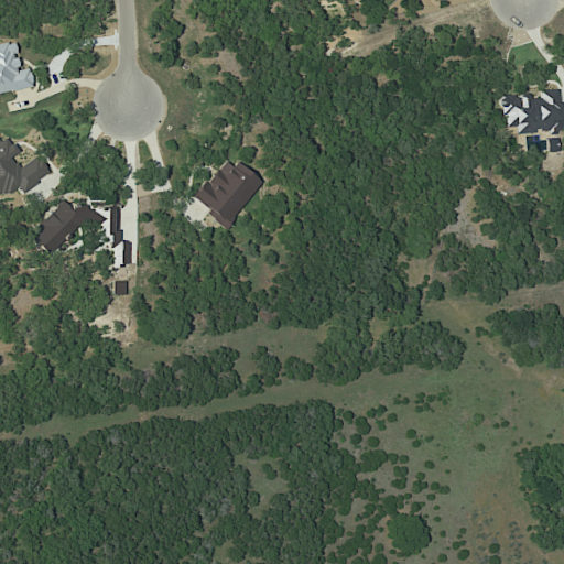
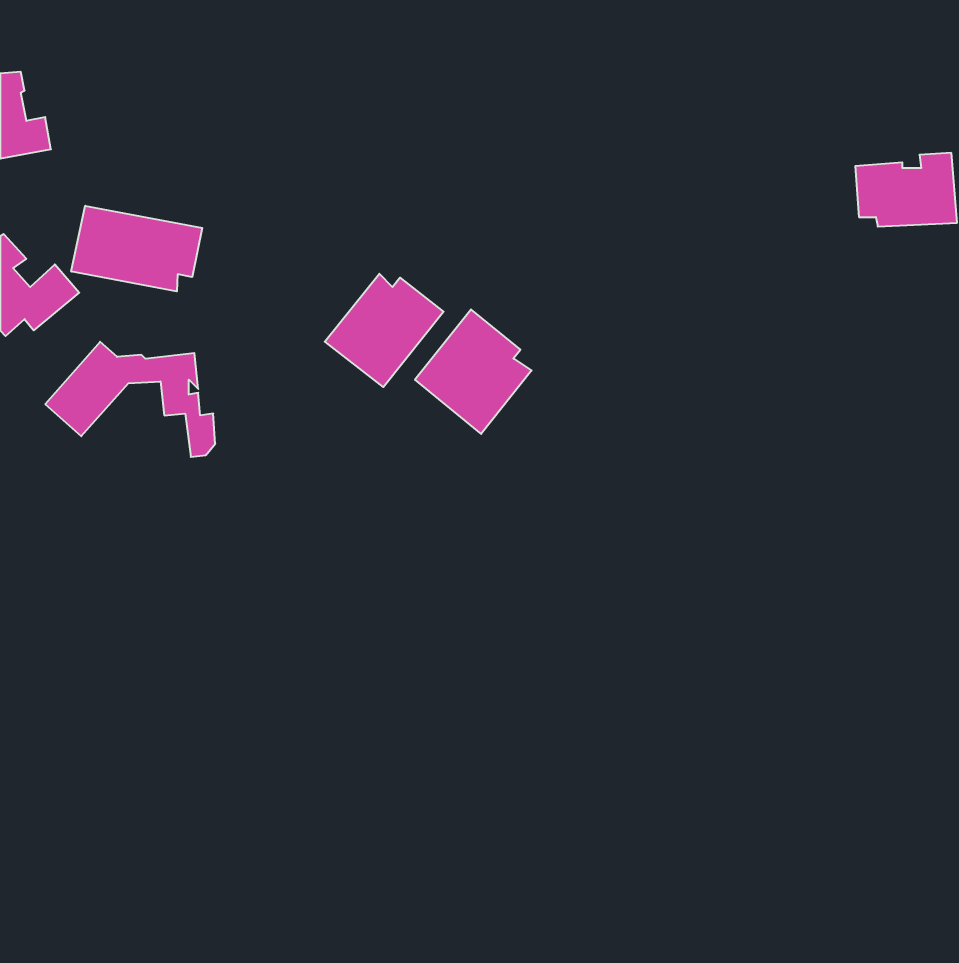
building: none -> [71,206,202,291]
building: none -> [415,309,532,434]

